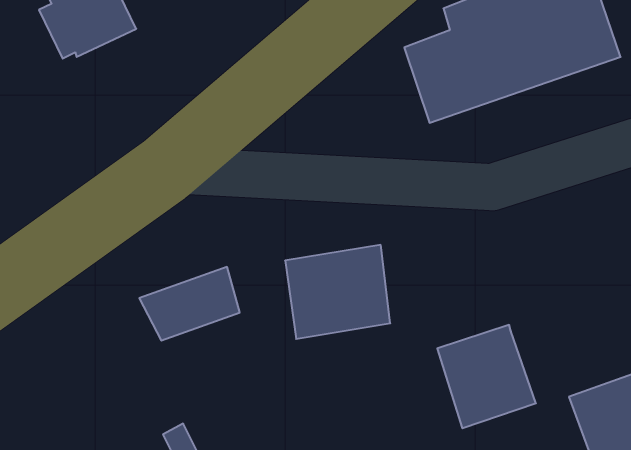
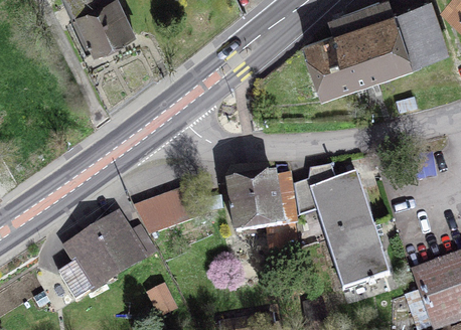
building: none -> [294,166,372,238]
building: none -> [57,216,153,299]

